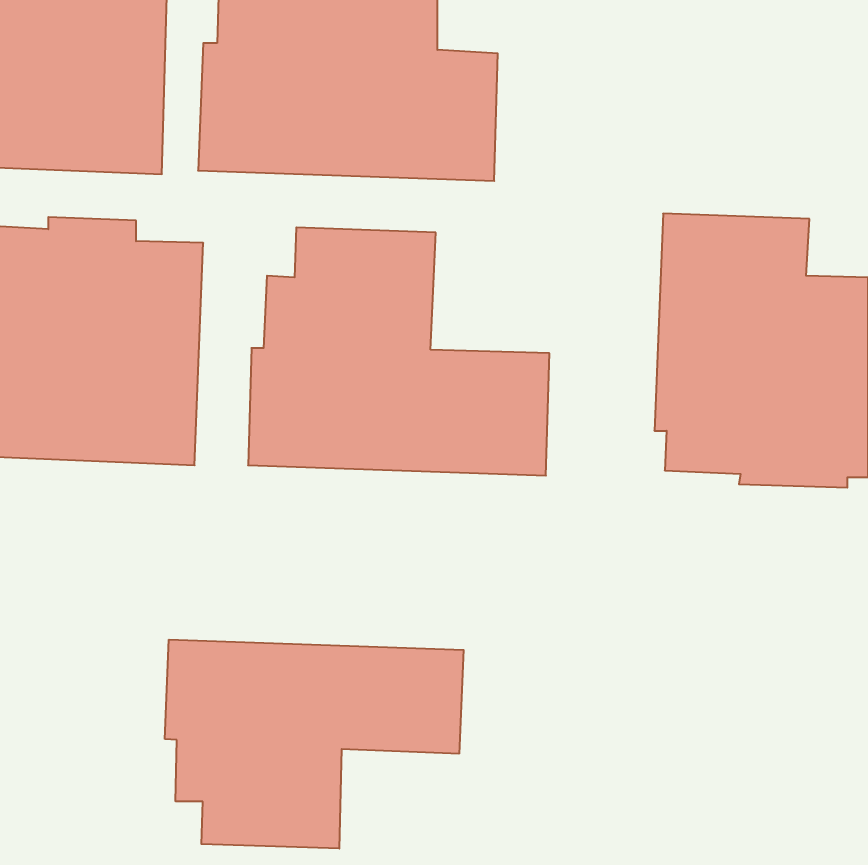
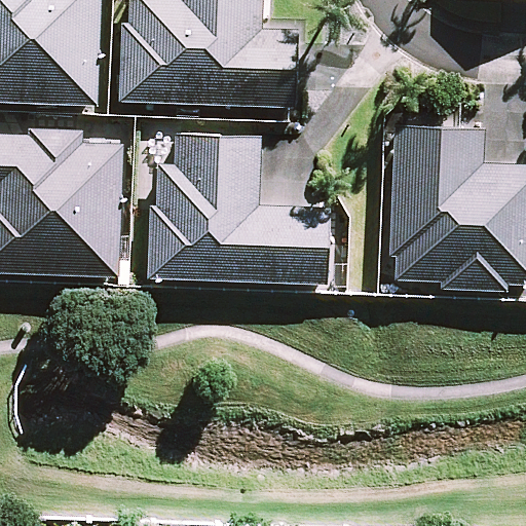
building: [165,640,464,849] -> none

